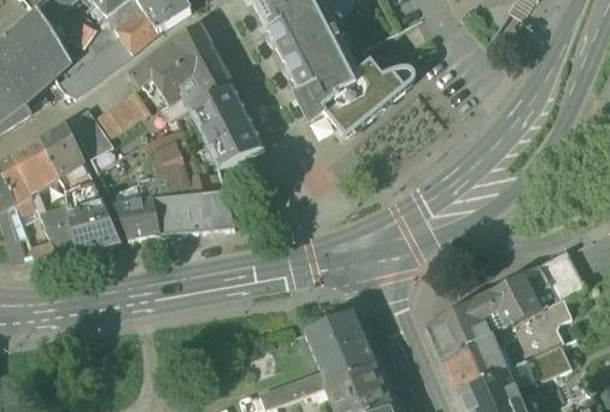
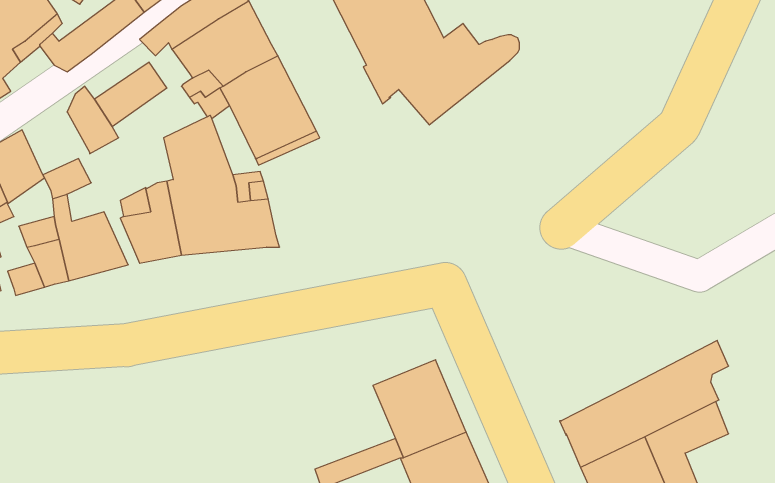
building: [41,124,83,173] -> none
building: [429,252,585,358] -> none

